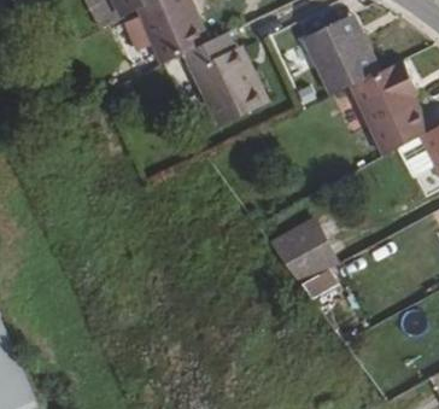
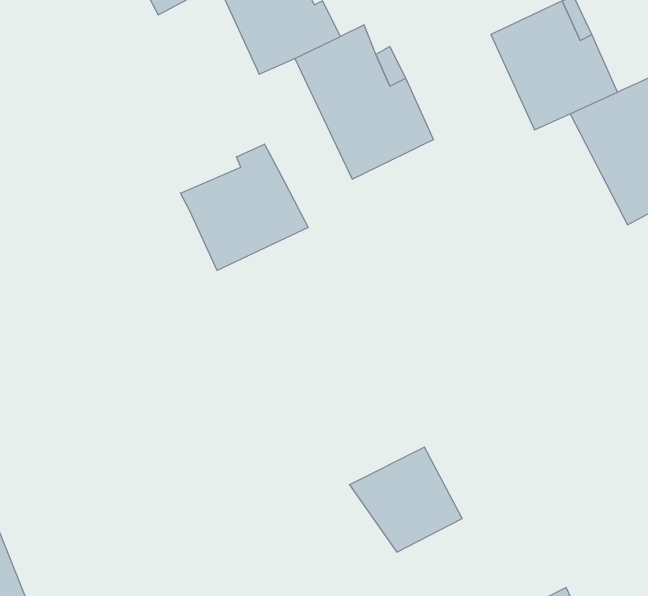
building: none -> [180,144,308,270]
building: [268,220,336,284] -> [349,447,462,552]

